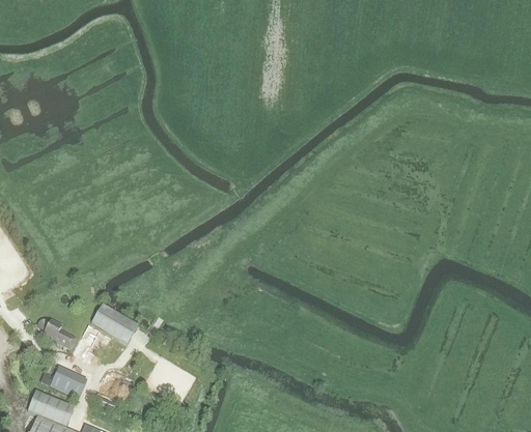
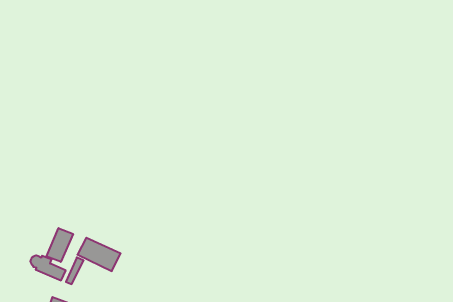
building: none -> [47,228,73,262]

